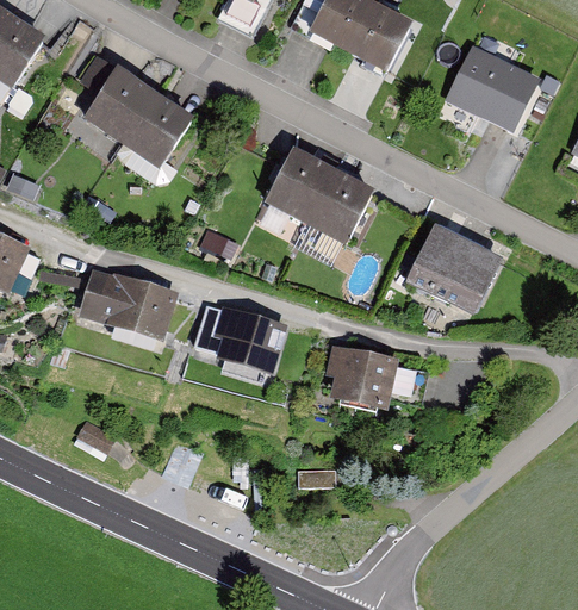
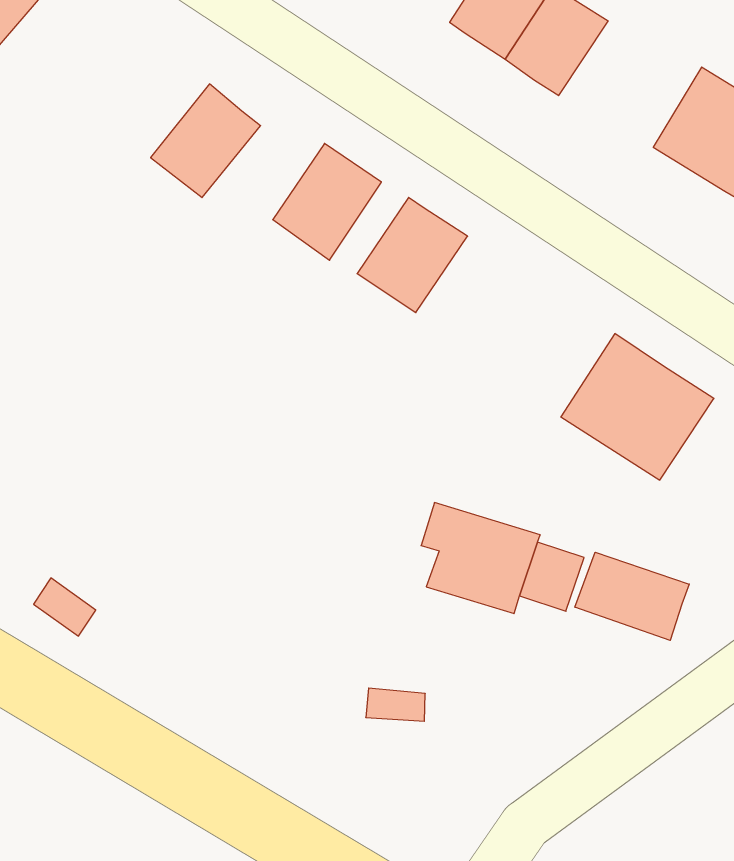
building: [83,61,157,138] -> none
building: [305,169,373,244] -> [273,143,381,260]
building: [77,266,179,342] -> none
building: [213,304,288,376] -> none
building: none -> [575,552,689,640]

